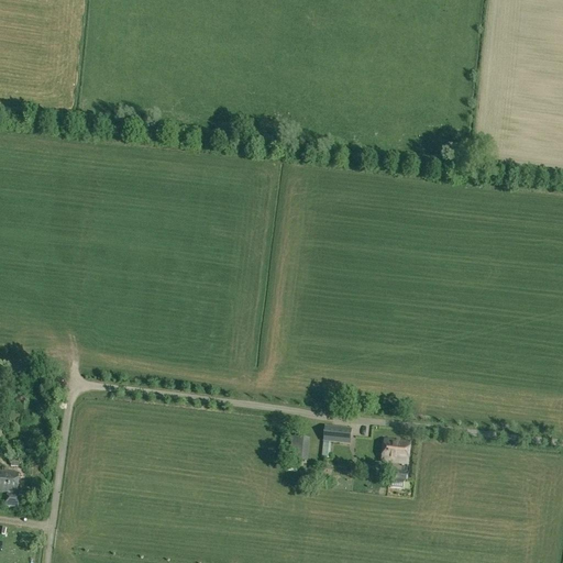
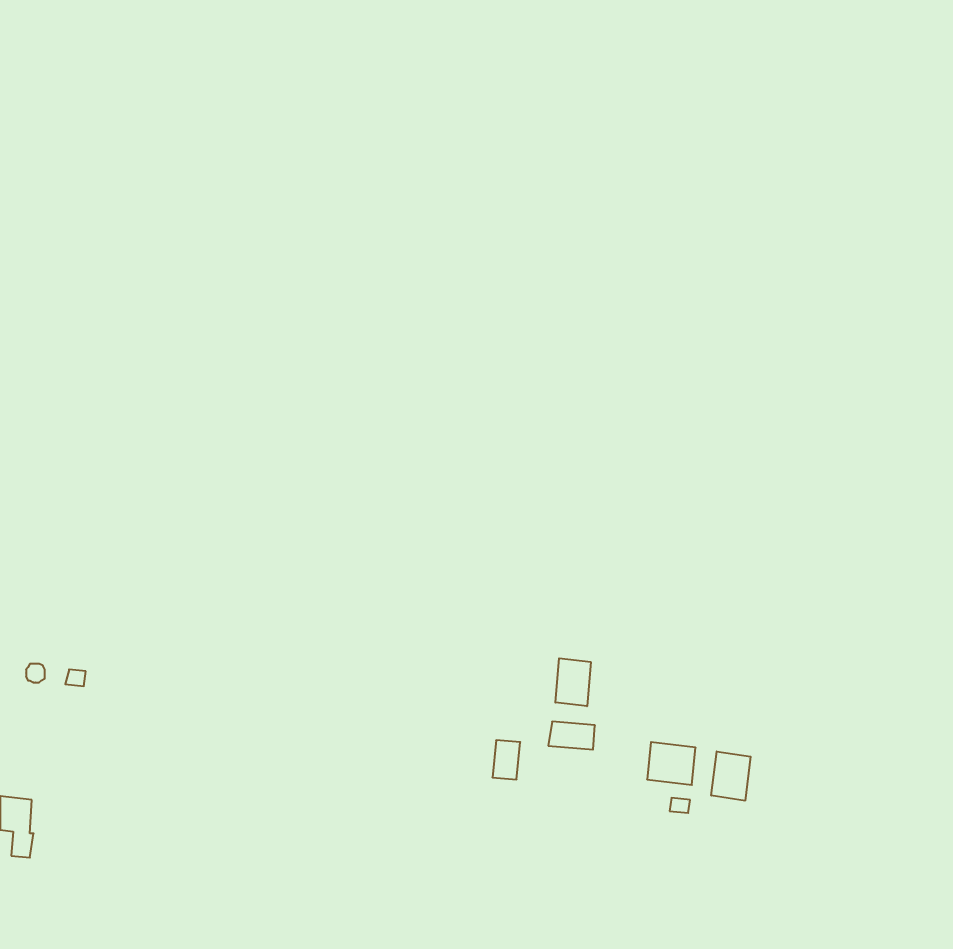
building: none -> [555,658,591,706]
building: none -> [711,751,751,801]

